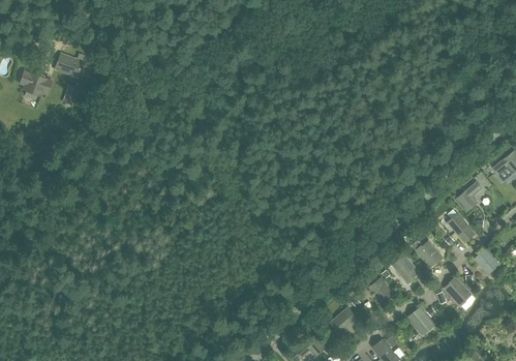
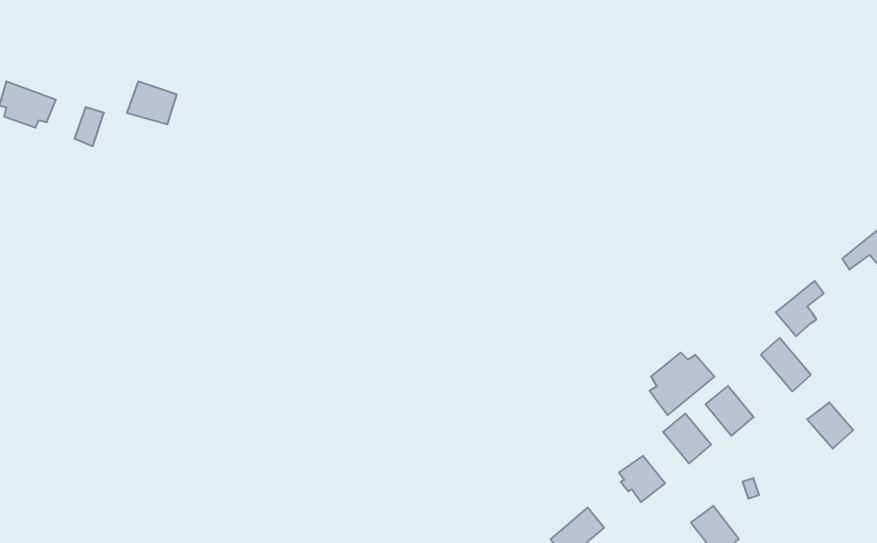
building: [55,51,83,74] -> [127,82,177,124]
building: none -> [650,353,715,415]
building: [444,276,473,306] -> none

